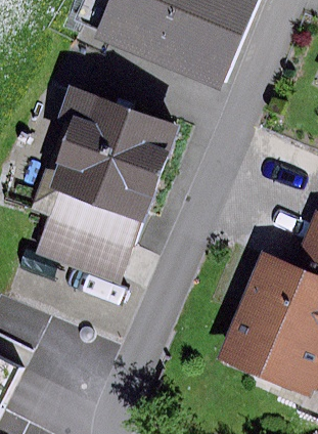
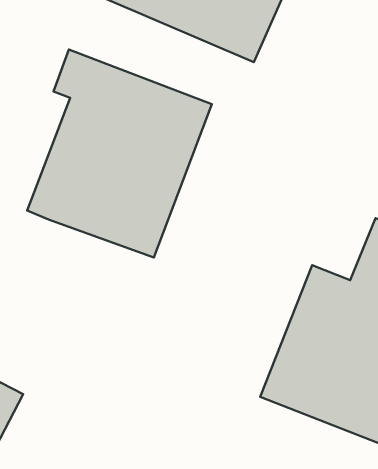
building: [34,216,133,287] -> none

